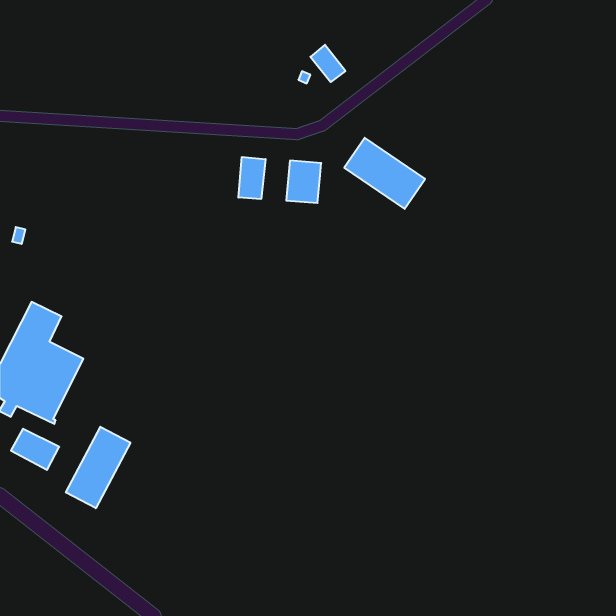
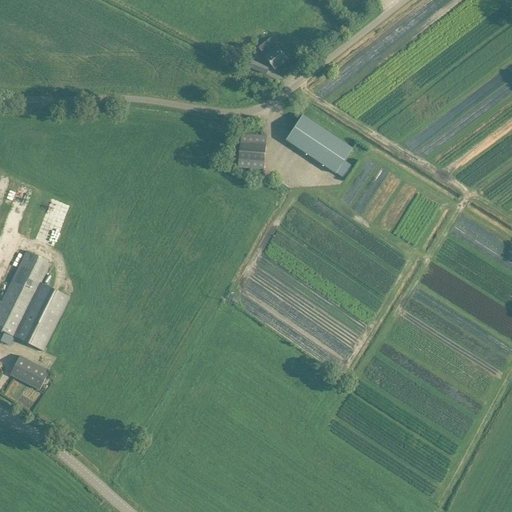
building: [238,157,266,199] -> none
building: [66,427,130,508] -> none

